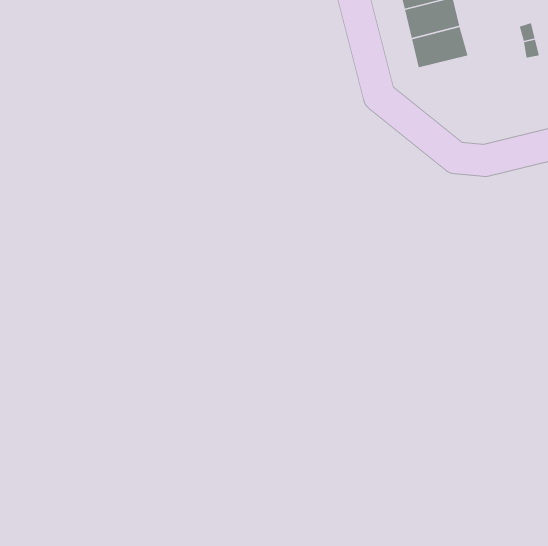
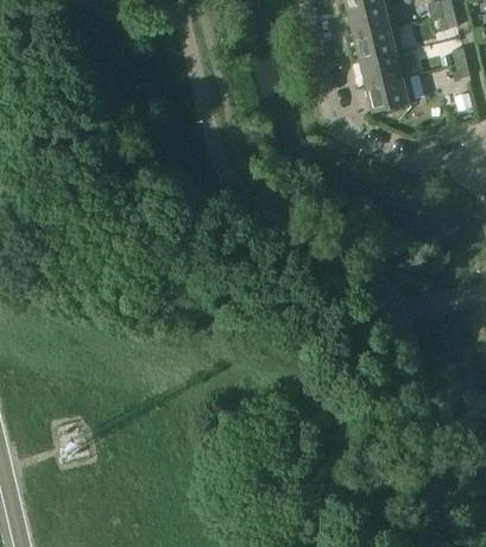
building: none -> [367,77,416,114]

